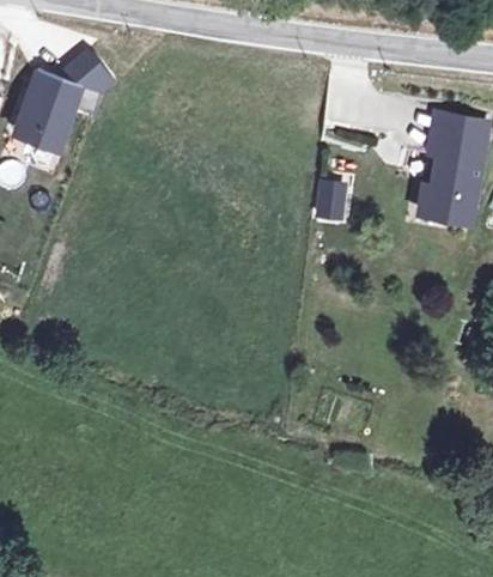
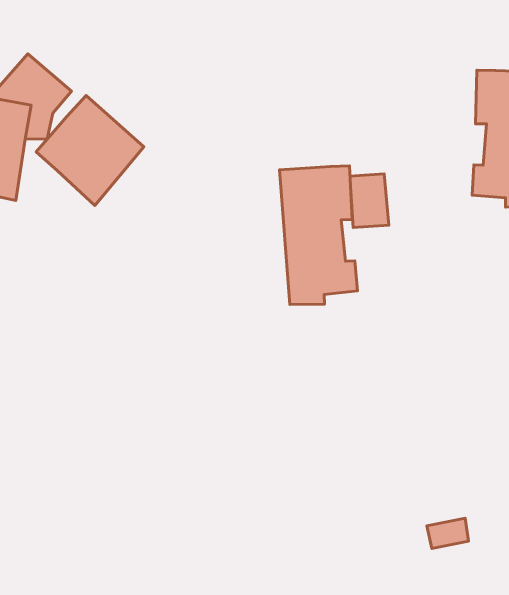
building: none -> [36,95,144,206]
building: none -> [280,166,357,305]

